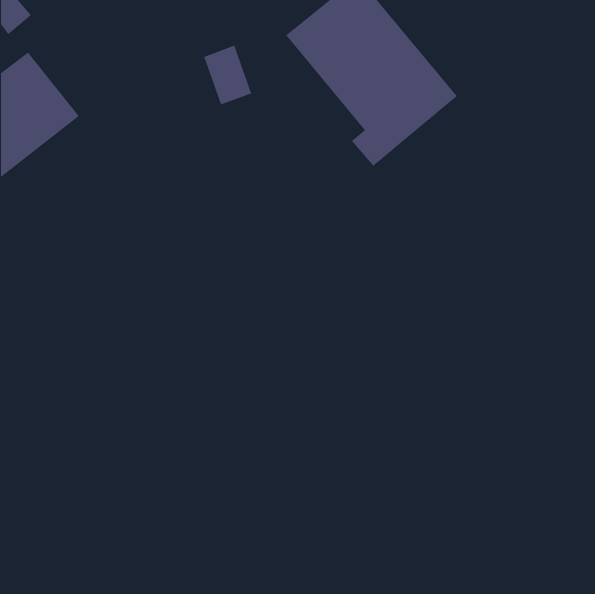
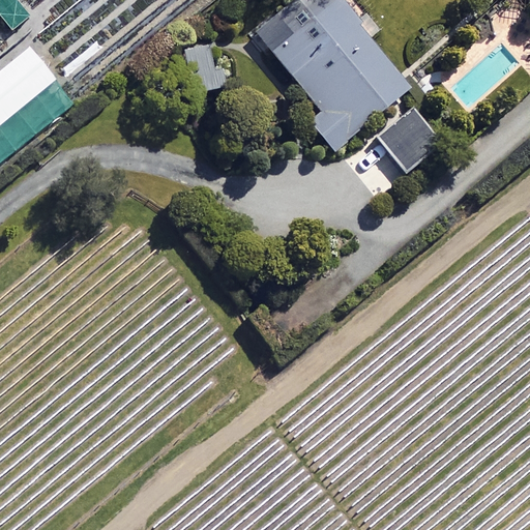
building: none -> [380,109,437,166]

